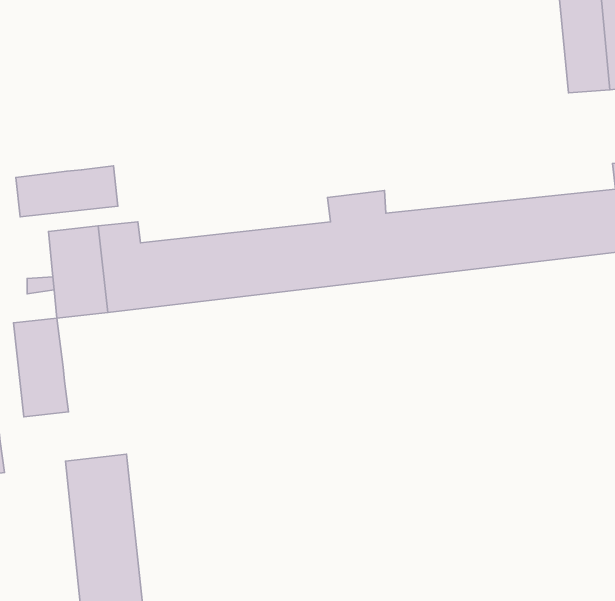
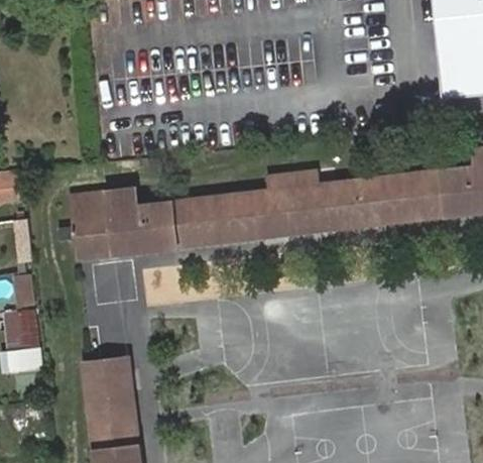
building: [16,166,118,217] -> none
building: [14,318,68,417] -> none

